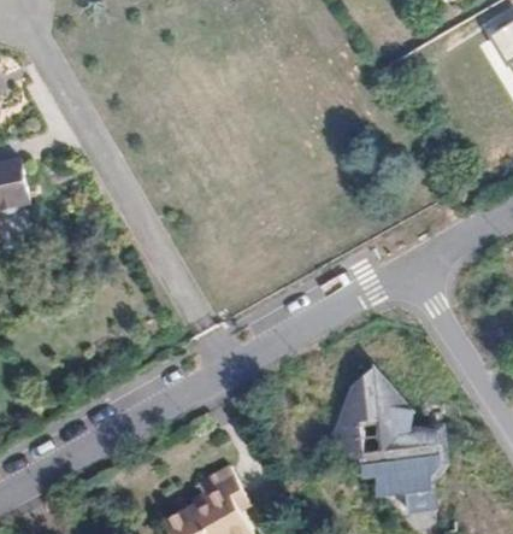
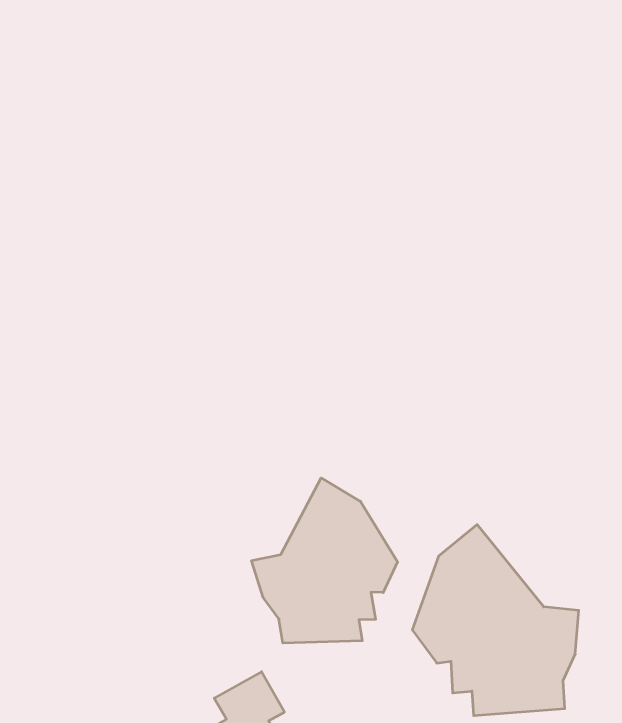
building: none -> [252,478,398,643]

